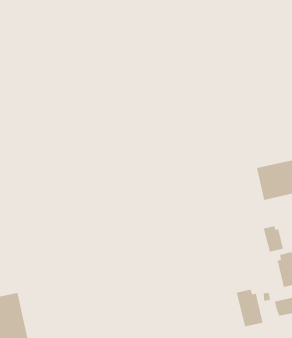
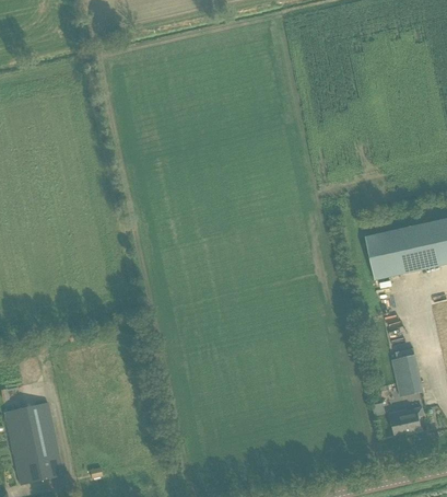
building: [263,226,284,252] -> none
building: [236,289,263,327] -> none

